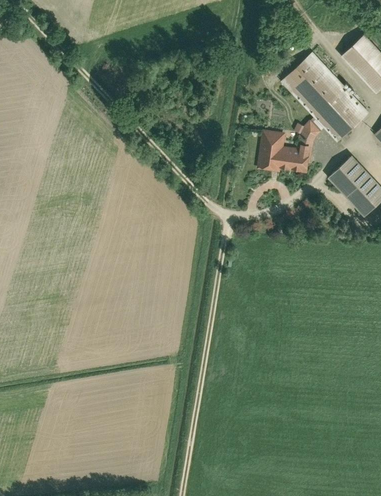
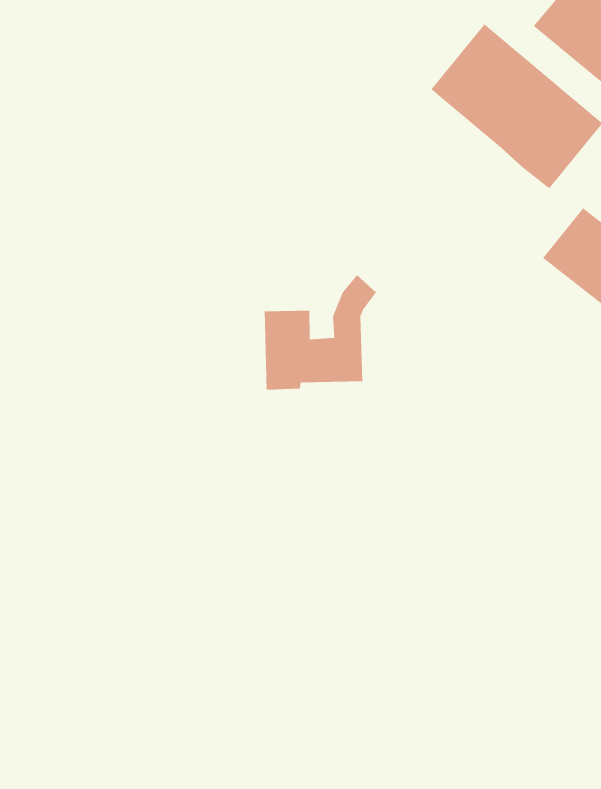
building: [257,117,322,173] -> [264,274,377,390]

